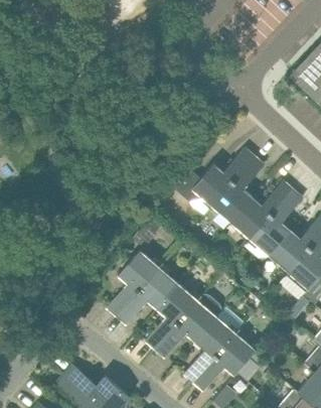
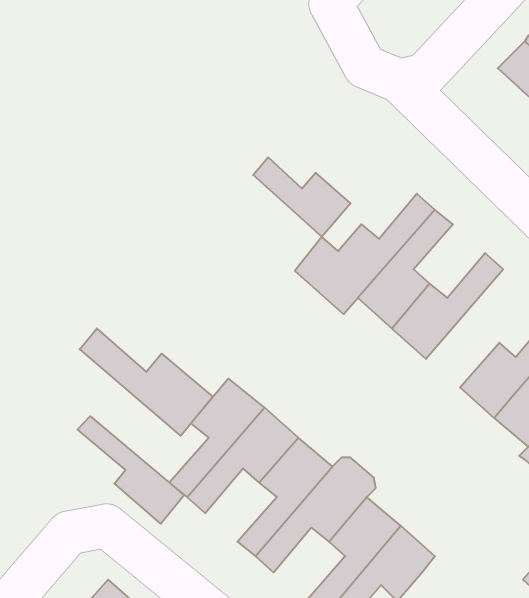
building: none -> [253,157,351,237]
building: [250,188,303,255] -> none
building: none -> [80,328,213,436]
building: none -> [77,416,184,524]

